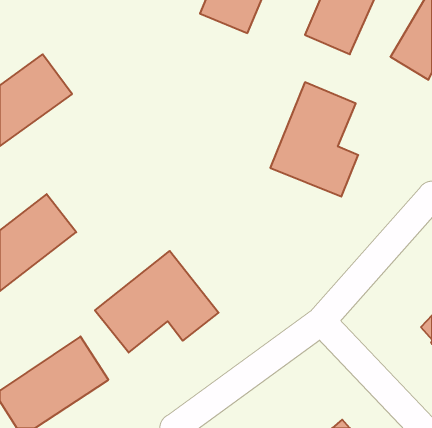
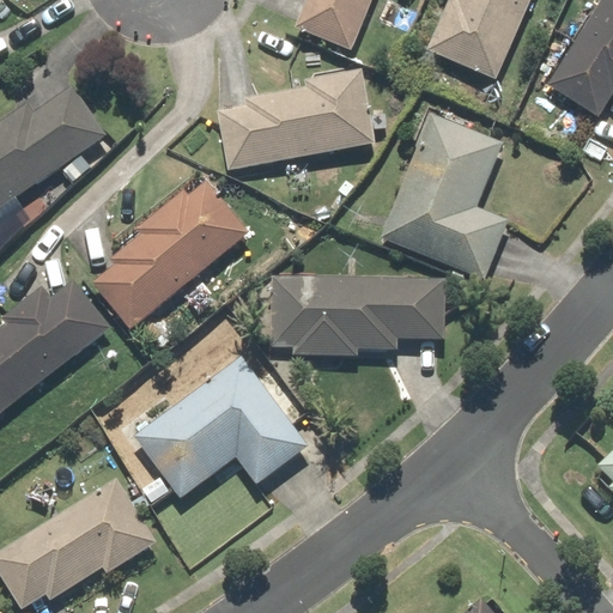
building: none -> [214,72,377,171]
building: none -> [86,176,248,329]
building: none -> [266,277,443,358]

